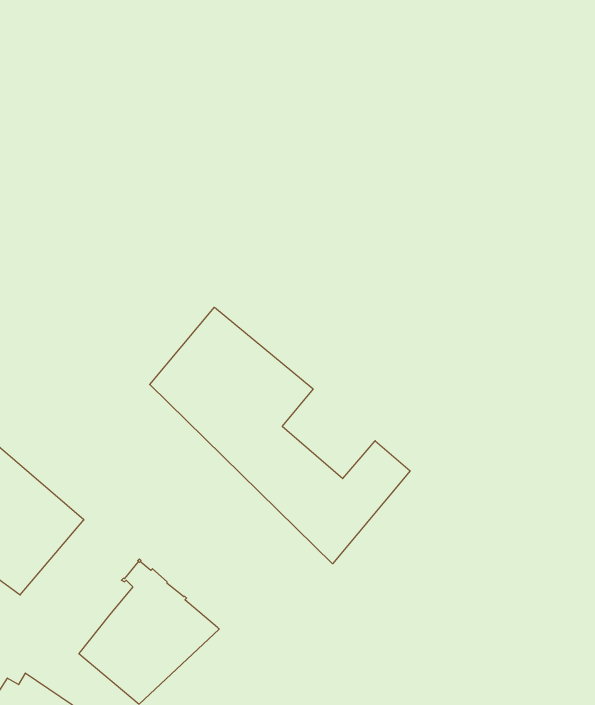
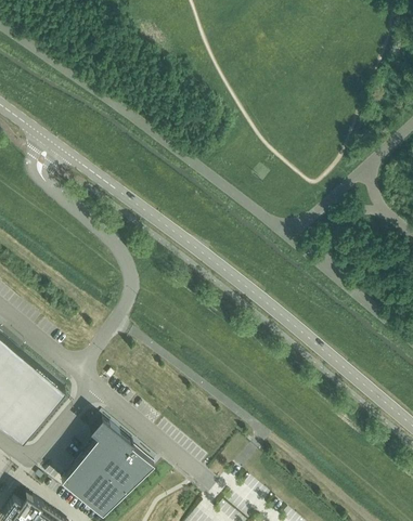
building: [150,307,410,564] -> none

